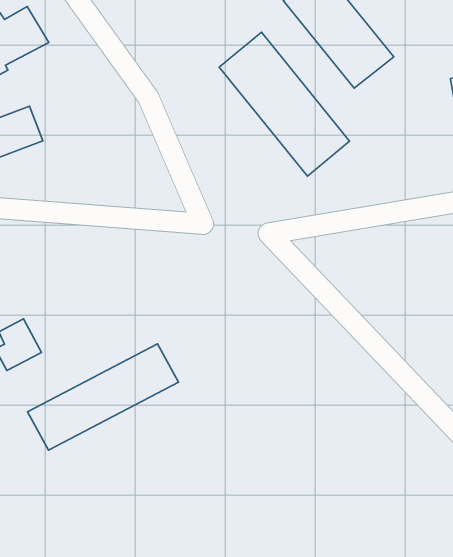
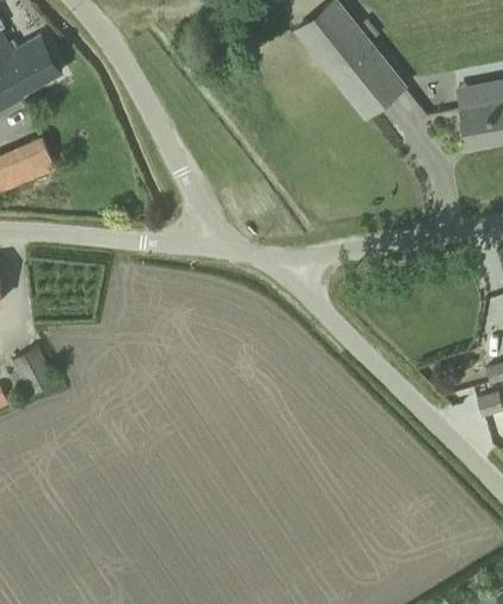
building: [219,32,349,176] -> none
building: [28,344,179,450] -> none

